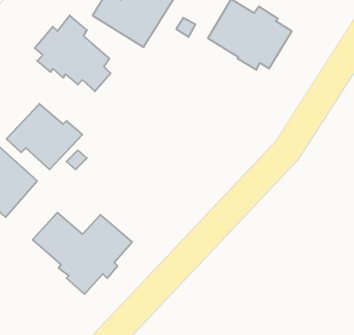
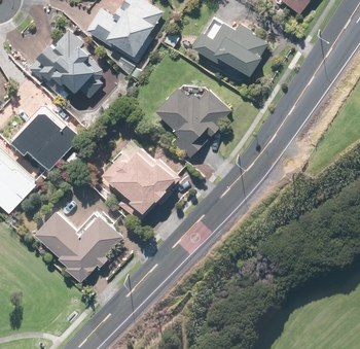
building: none -> [154,85,231,159]
building: none -> [100,140,175,222]

